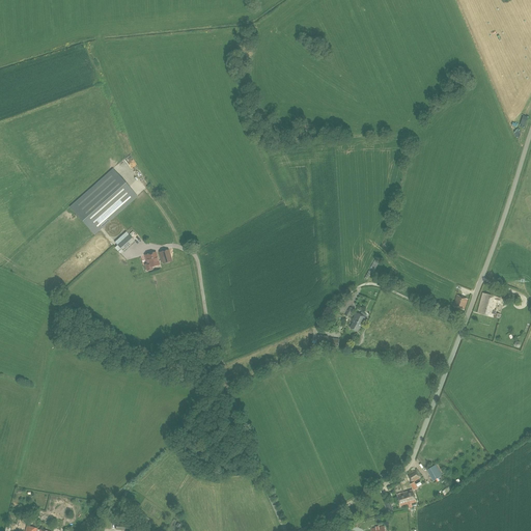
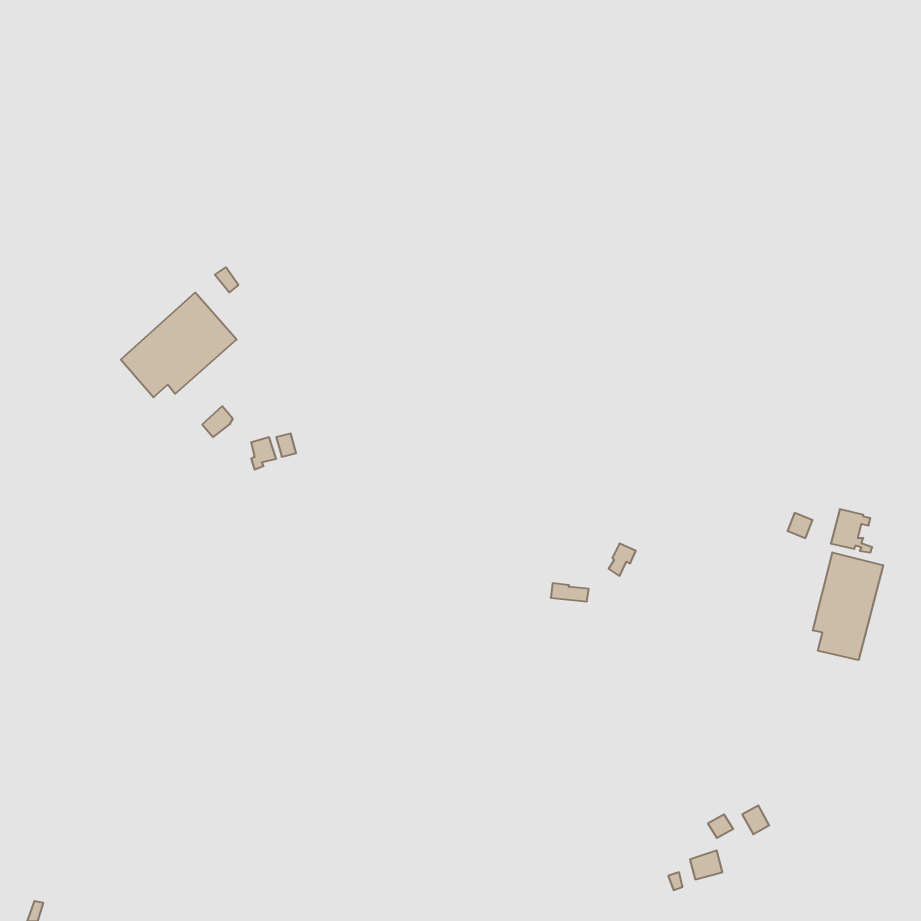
building: none -> [813,552,883,660]

